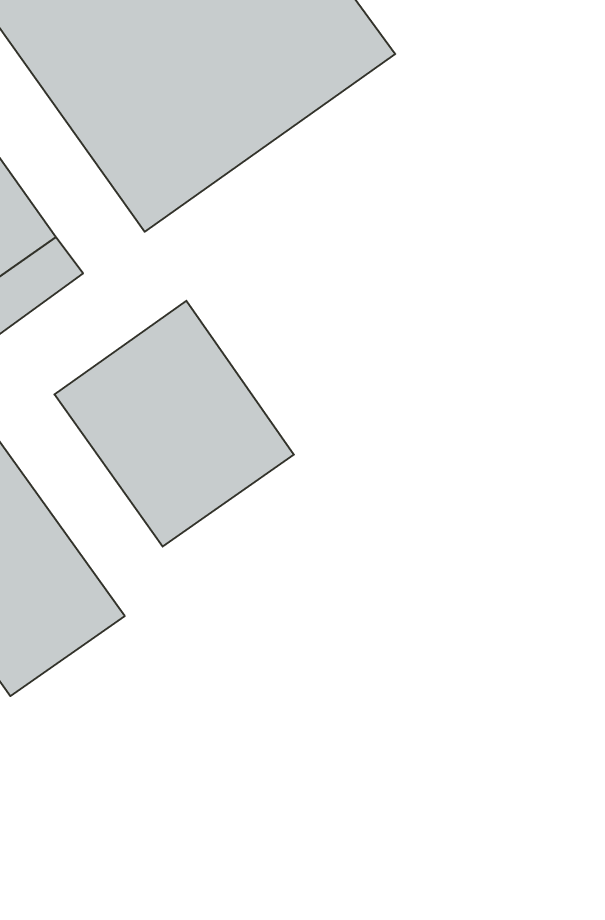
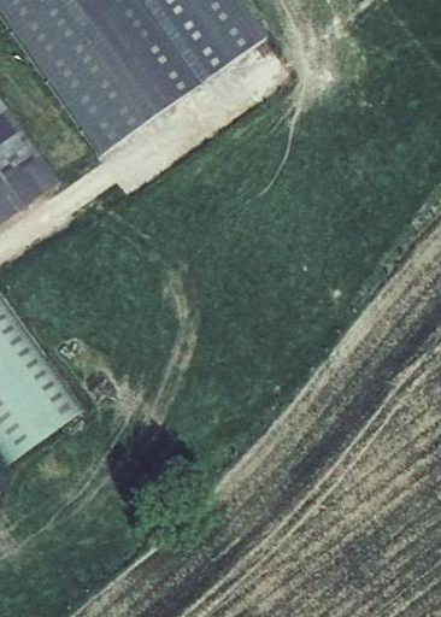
building: [54,301,294,547] -> none

